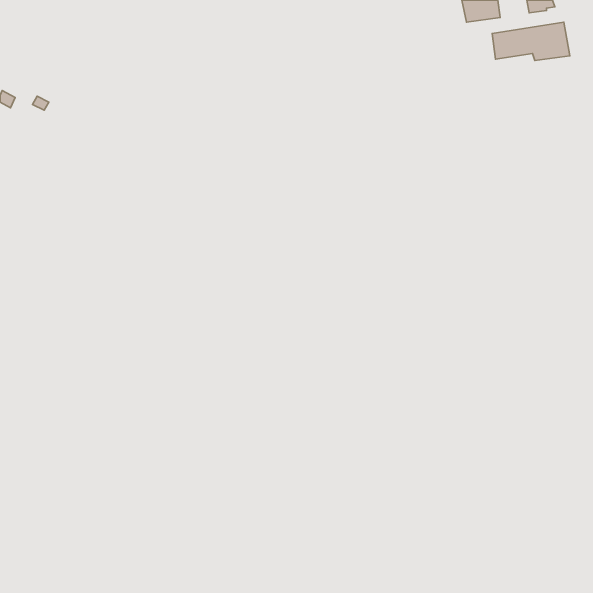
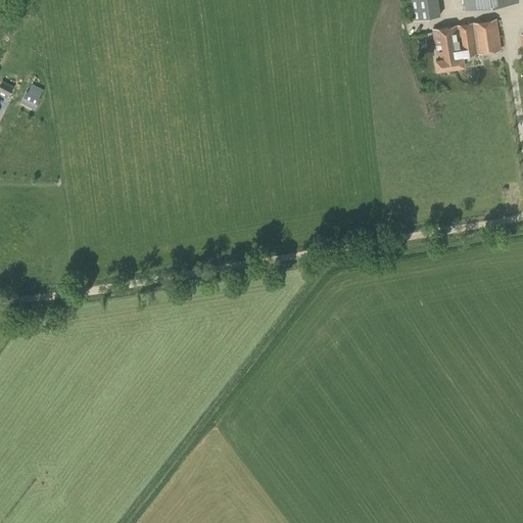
building: none -> [436,47,471,68]

